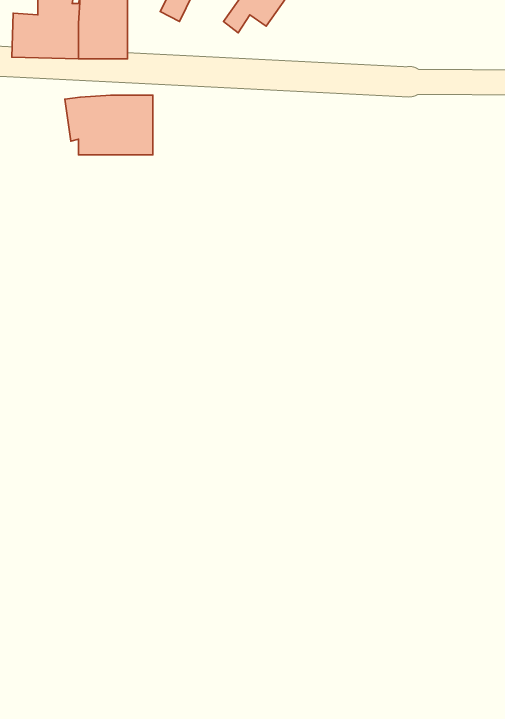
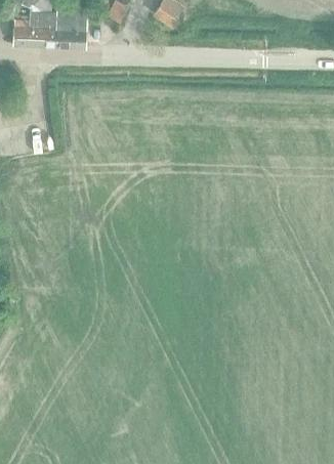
building: [65,95,153,155] -> none

